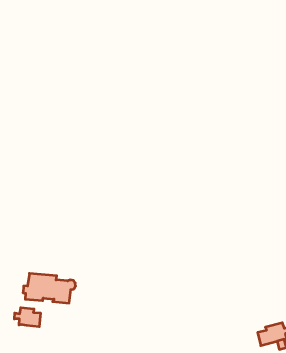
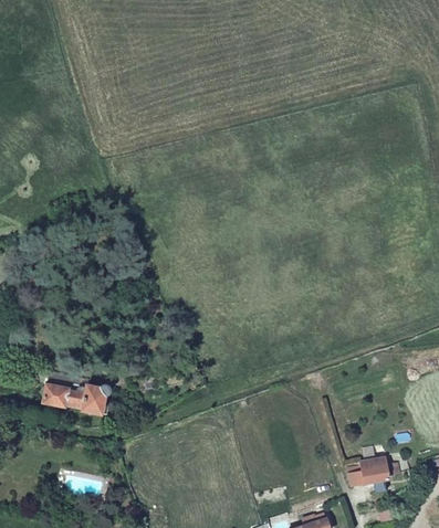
building: [14,308,40,327] -> none

